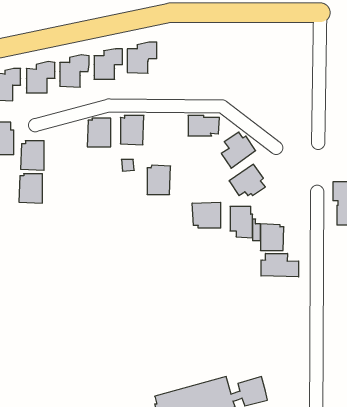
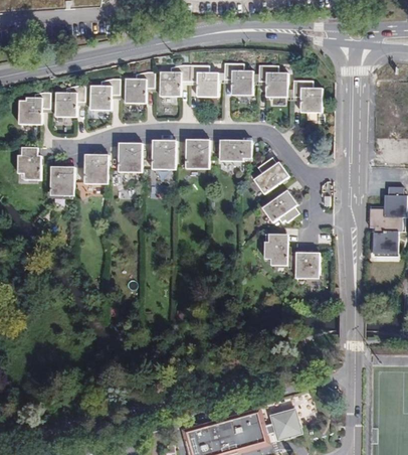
building: none -> [223,63,252,95]
building: none -> [188,64,217,97]
building: none -> [257,64,287,97]
building: none -> [291,80,322,113]
building: [147,165,171,194] -> [185,139,209,169]
building: [19,174,42,203] -> [82,154,107,184]
building: [192,202,221,228] -> none
building: [261,253,299,277] -> none

